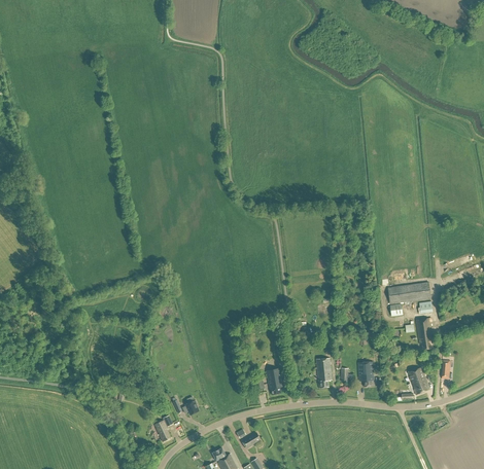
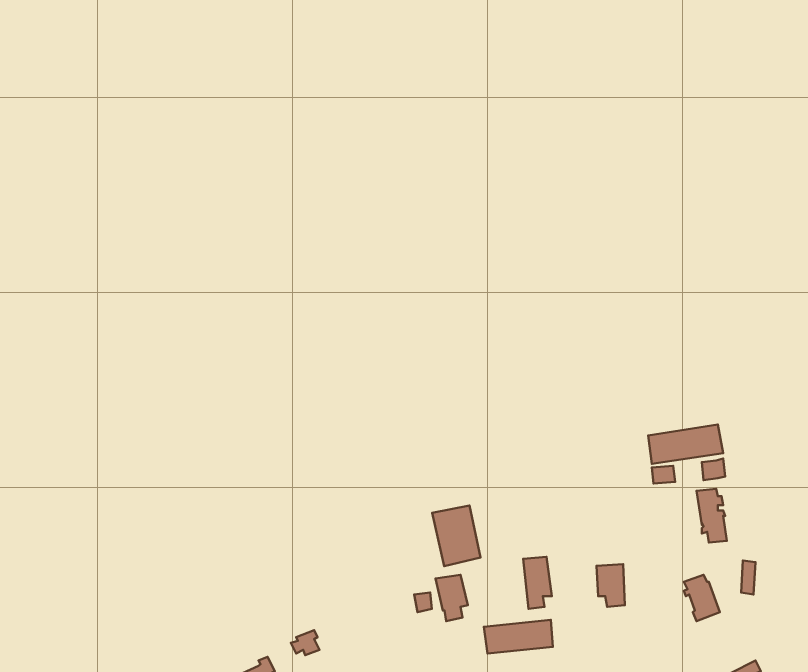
building: none -> [432,506,481,566]
building: none -> [484,620,553,654]

